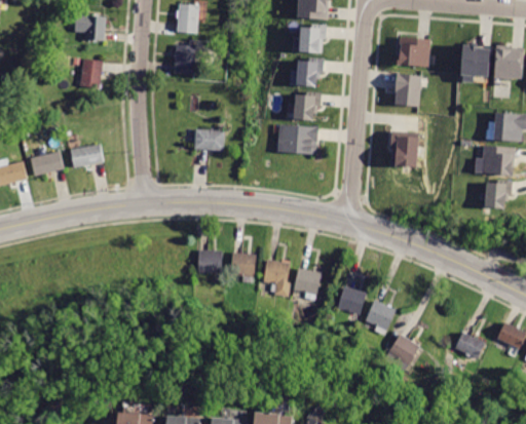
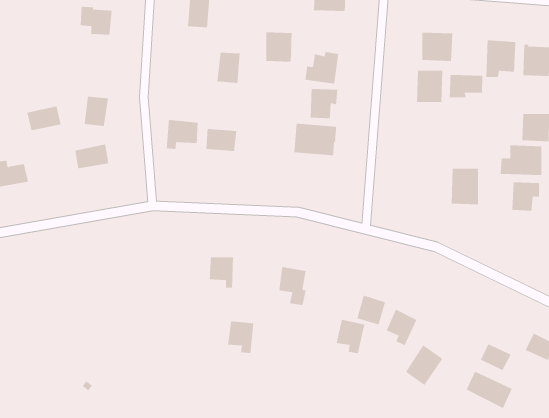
building: [299,24,325,52] -> [265,32,293,62]
building: [174,45,196,75] -> [217,52,240,84]
building: [80,60,104,88] -> [84,96,109,126]
building: none -> [449,74,483,98]
building: none -> [166,119,198,150]
building: [390,131,417,166] -> [451,168,479,205]
building: [31,152,64,176] -> [27,106,61,131]
building: [230,253,256,283] -> [227,321,254,353]
building: [294,268,322,301] -> [336,319,365,354]
building: none -> [466,371,512,409]

